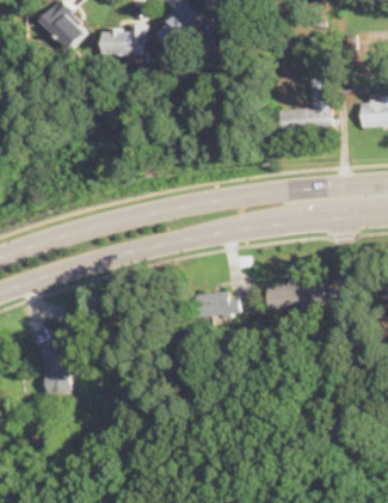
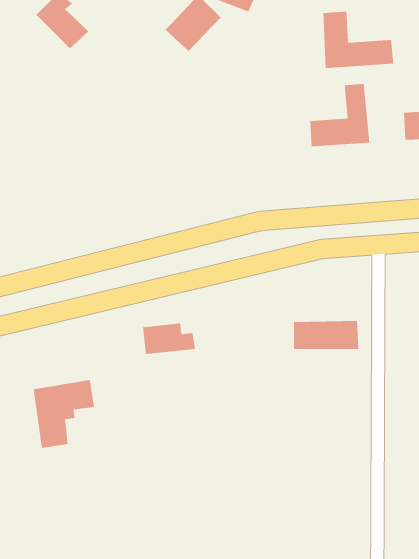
building: none -> [323,11,394,69]
building: [100,26,144,55] -> none
building: [192,290,239,318] -> [142,323,196,355]

